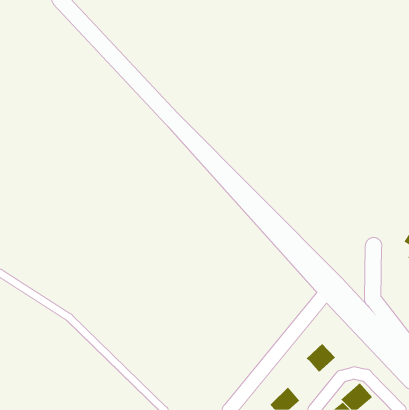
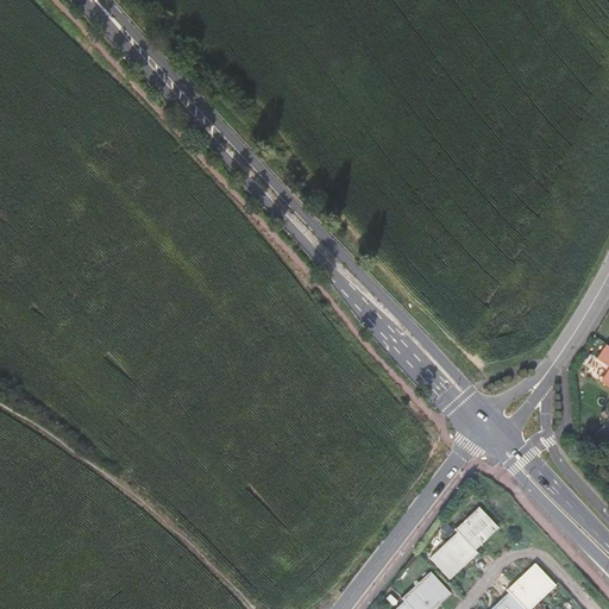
building: none -> [431,533,478,580]

